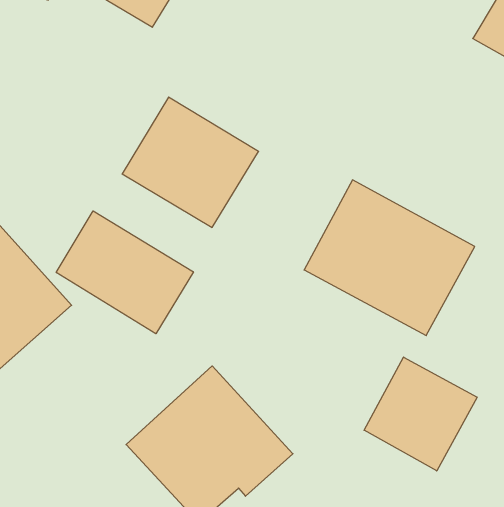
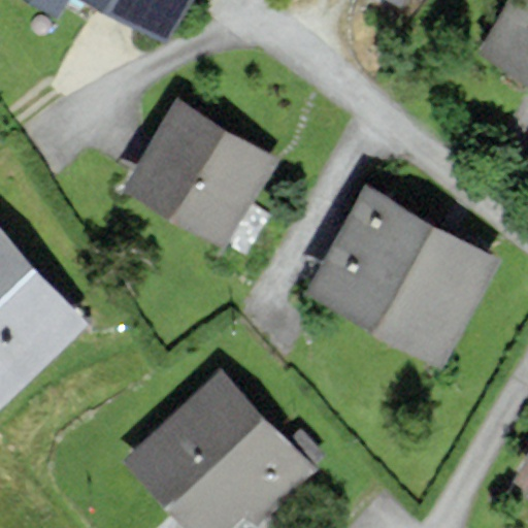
building: [56,211,193,334] -> none
building: [364,357,477,471] -> none

